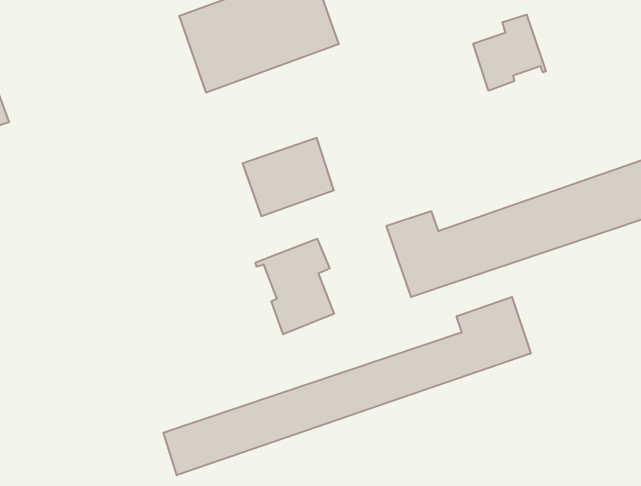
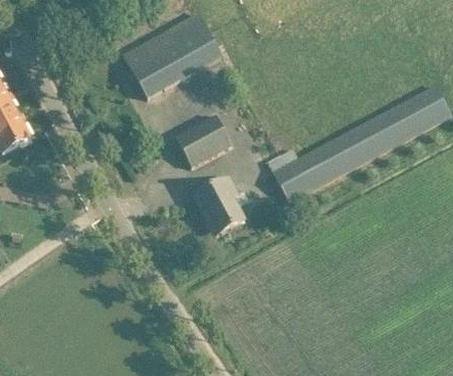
building: [473,15,546,91] -> none
building: [163,297,531,475] -> none

